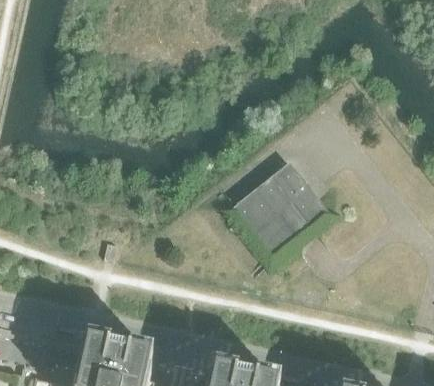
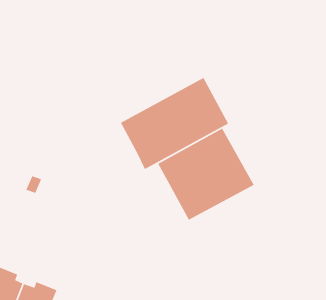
building: none -> [120,77,229,170]

